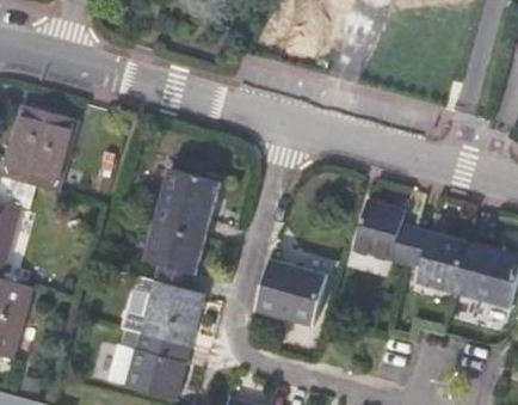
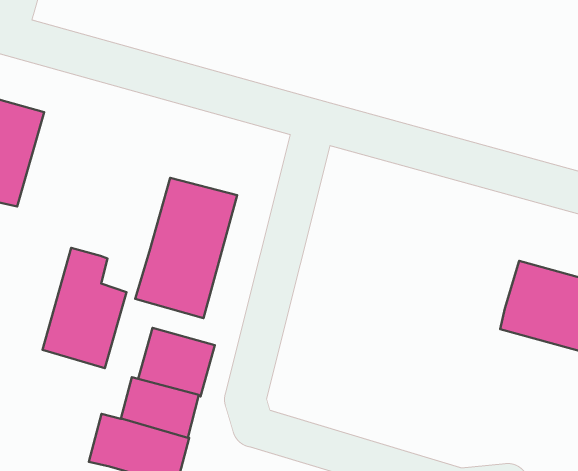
building: [351,197,431,268] -> none
building: none -> [42,248,127,368]
building: [255,262,325,326] -> none

